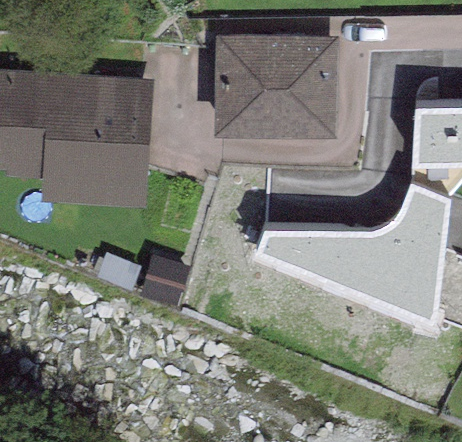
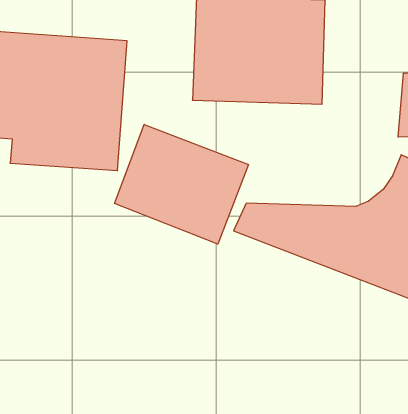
building: none -> [115,124,249,244]

